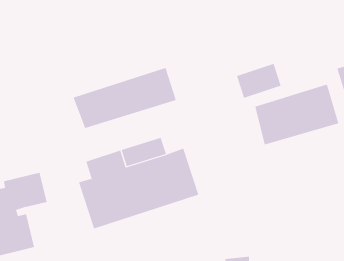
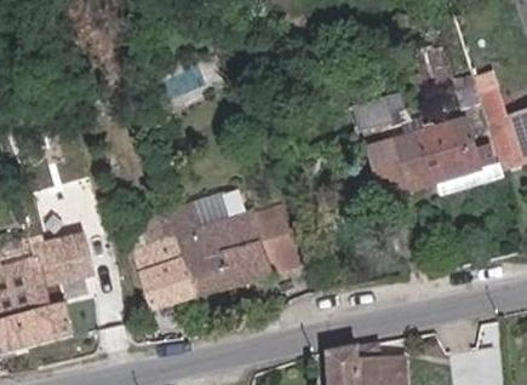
building: [73,67,176,129] -> none

